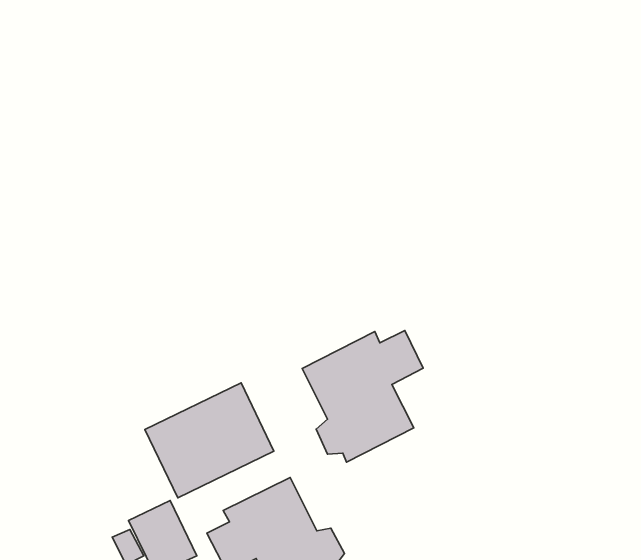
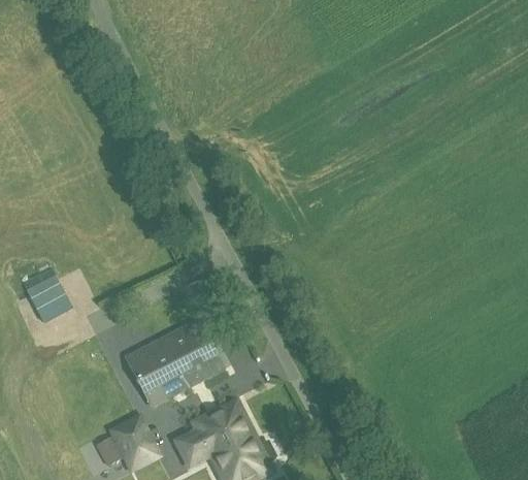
building: [302,330,423,462] -> none
building: none -> [23,275,69,323]

